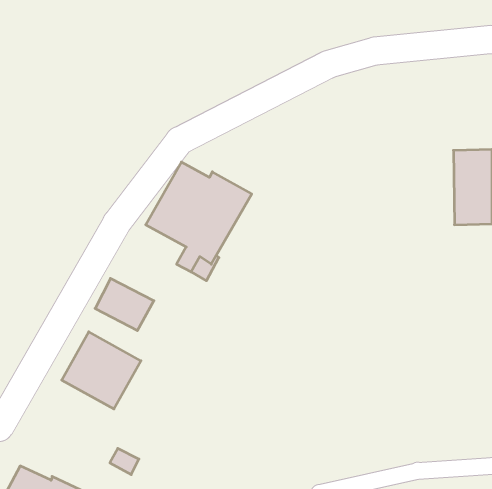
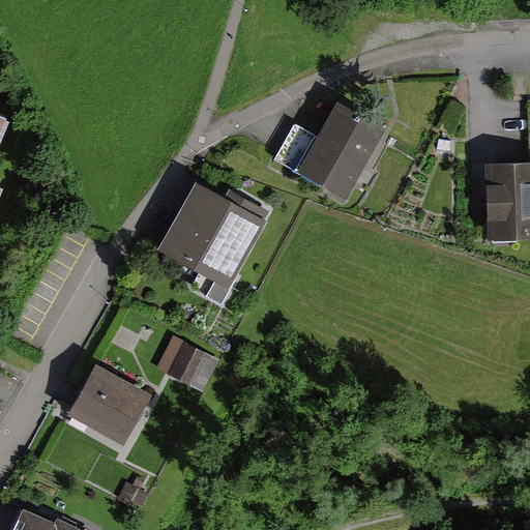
building: none -> [276,100,393,208]
building: [95,278,154,331] -> [155,337,218,393]

